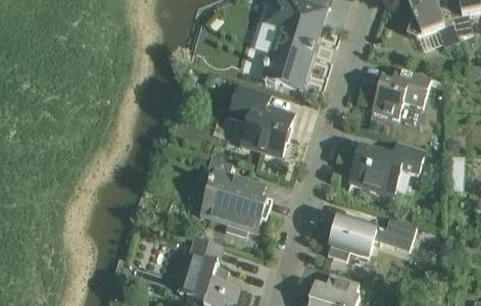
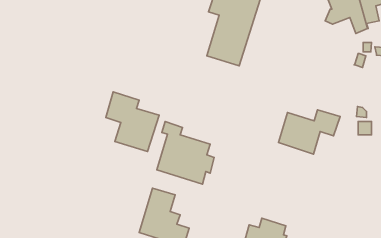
building: [372,68,430,118] -> none
building: [229,85,294,158] -> [106,92,159,152]
building: [327,215,417,261] -> none

